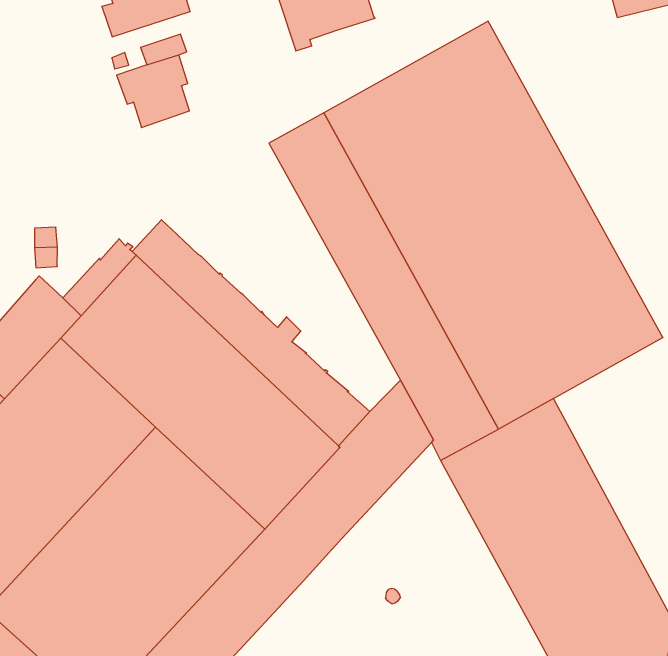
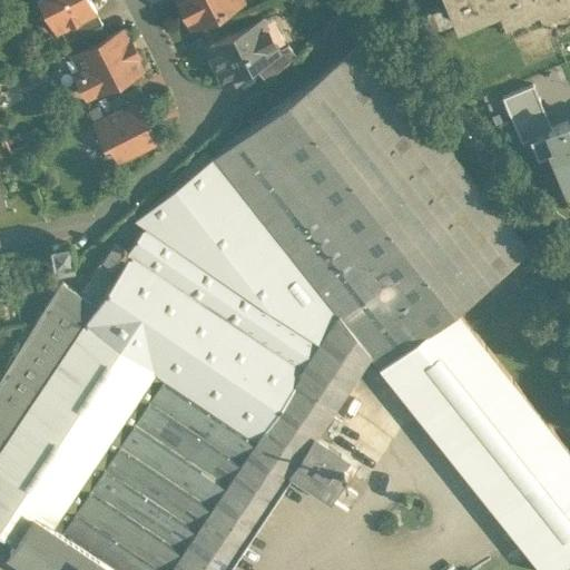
building: none -> [252,48,295,85]
building: none -> [135,159,340,345]
building: none -> [292,442,356,513]

